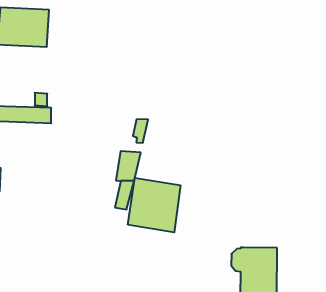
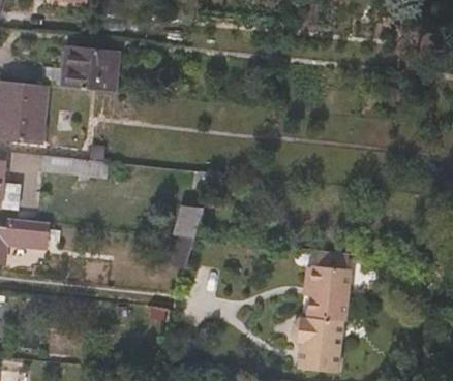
building: [128,178,180,232] -> none
building: none -> [303,269,352,325]

